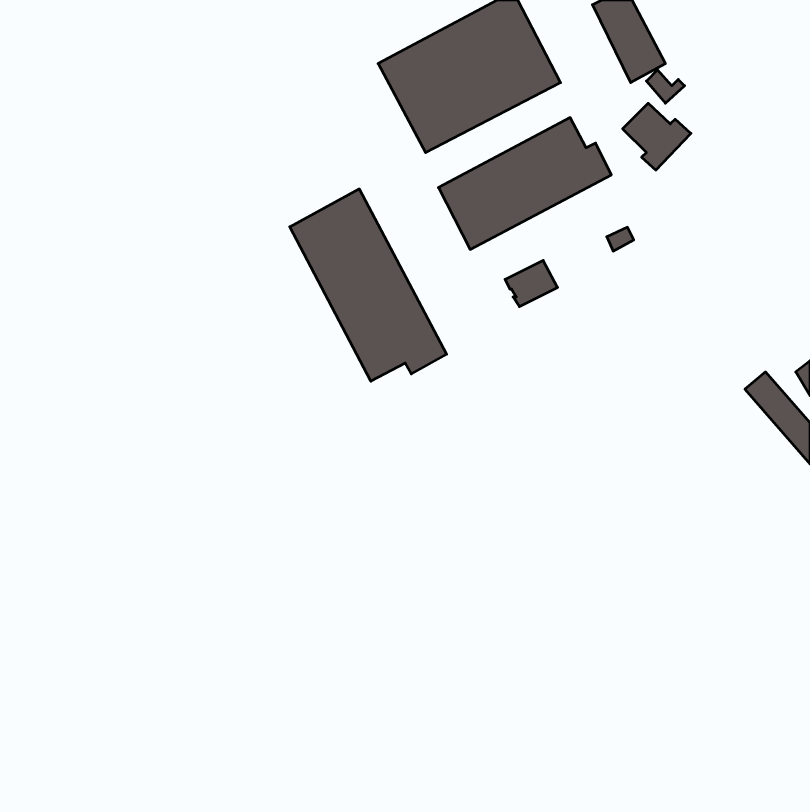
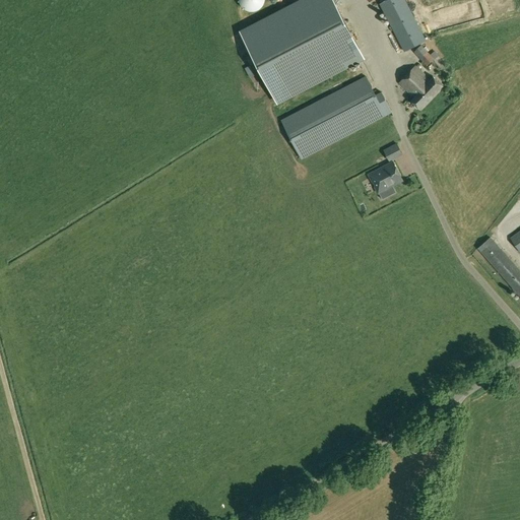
building: [290,189,447,381] -> none
building: [505,260,558,307] -> [369,162,402,192]

